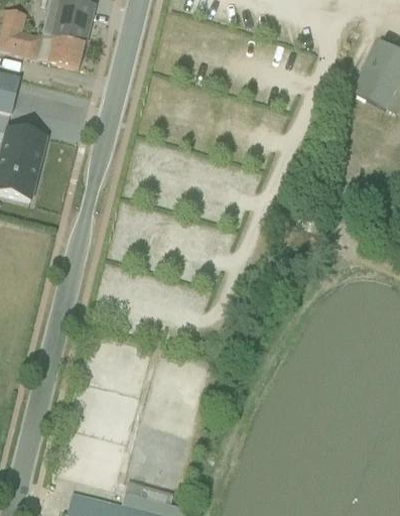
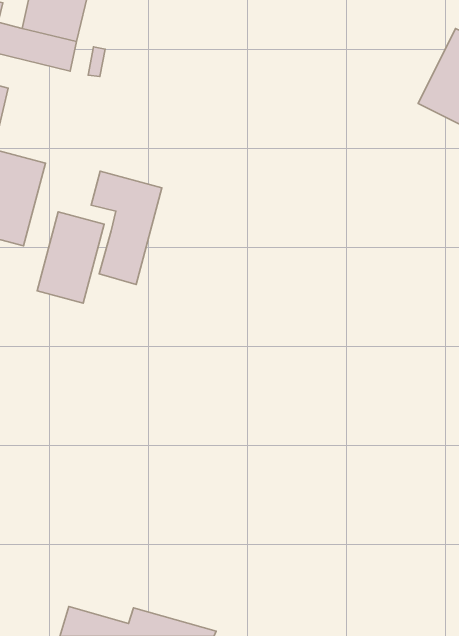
building: none -> [91,171,162,284]
building: none -> [37,212,104,303]

